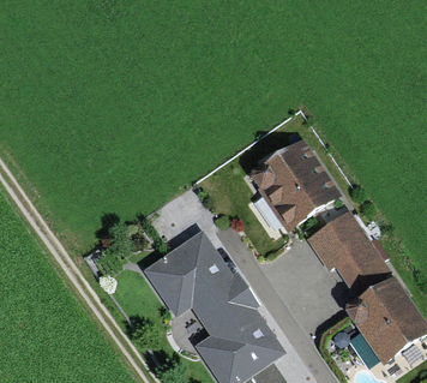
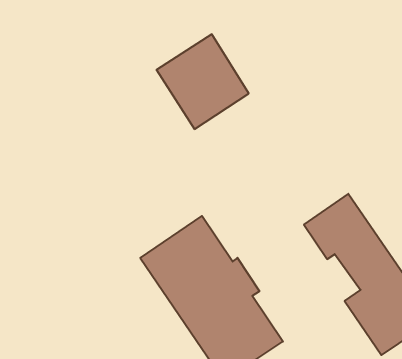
building: [249,139,339,232] -> [156,34,249,129]

